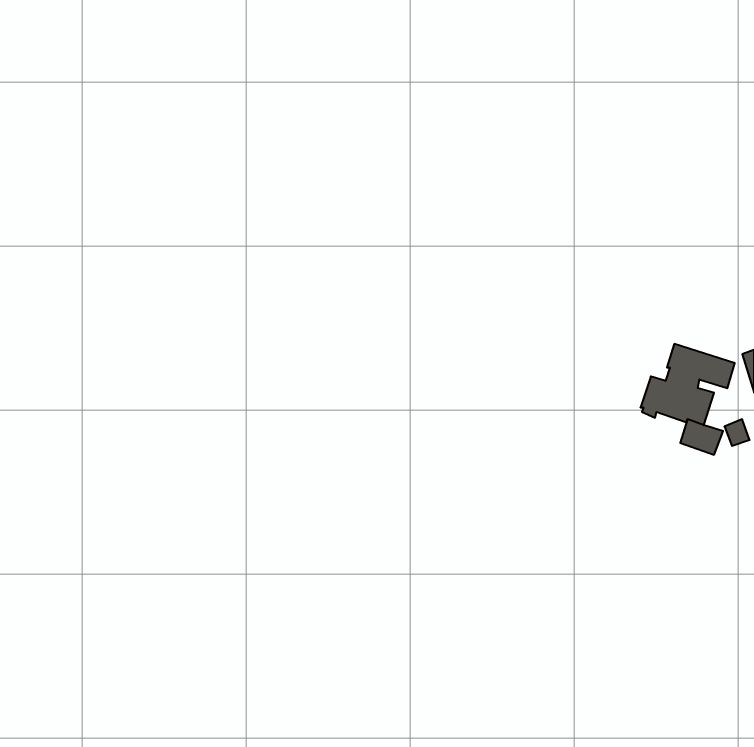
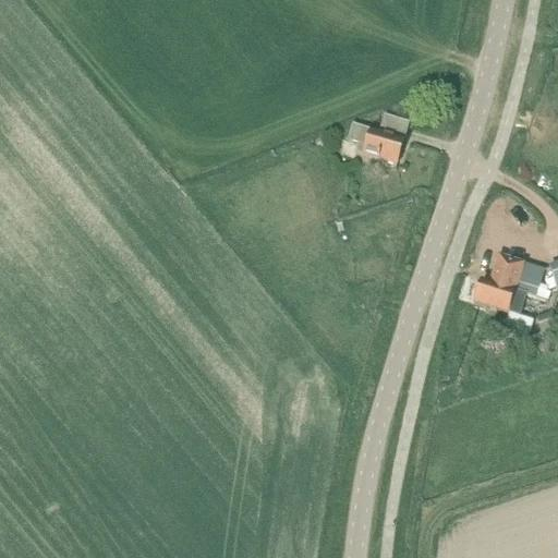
building: none -> [347,111,410,163]

